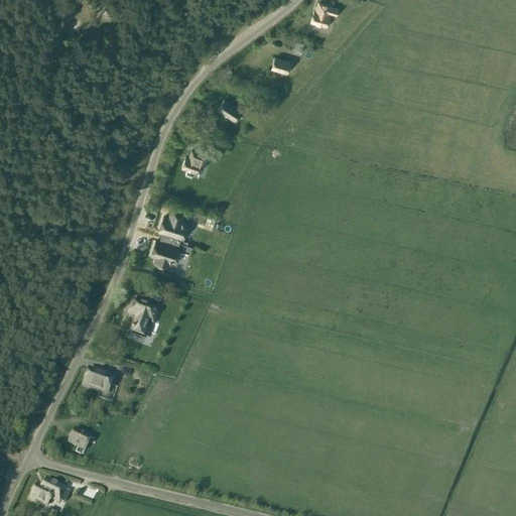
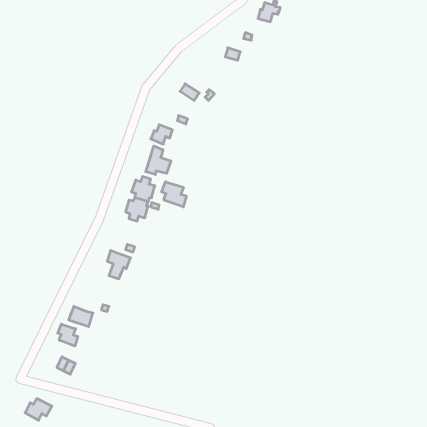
building: none -> [146,146,171,175]
building: none -> [162,182,186,207]
building: none -> [58,324,78,346]

